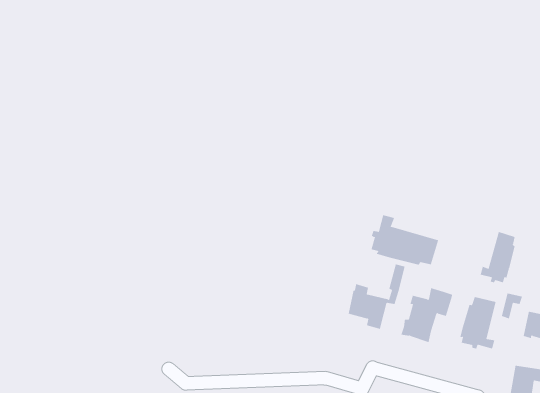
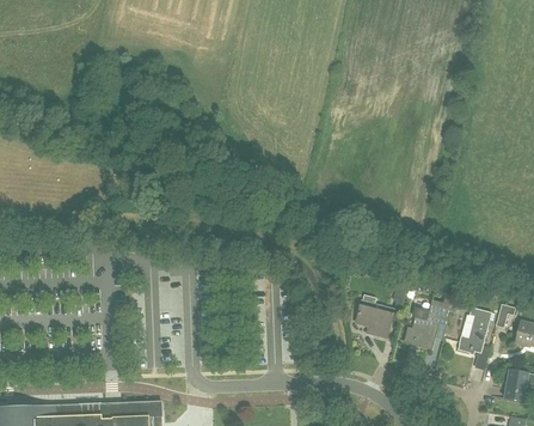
building: [369,211,439,265] -> none
building: [477,231,515,286] -> none

